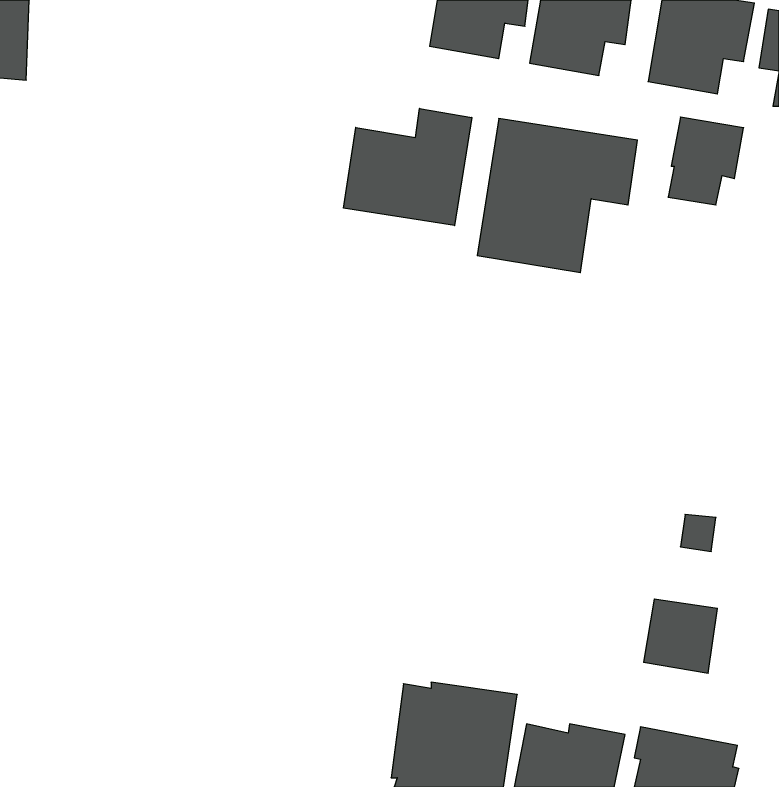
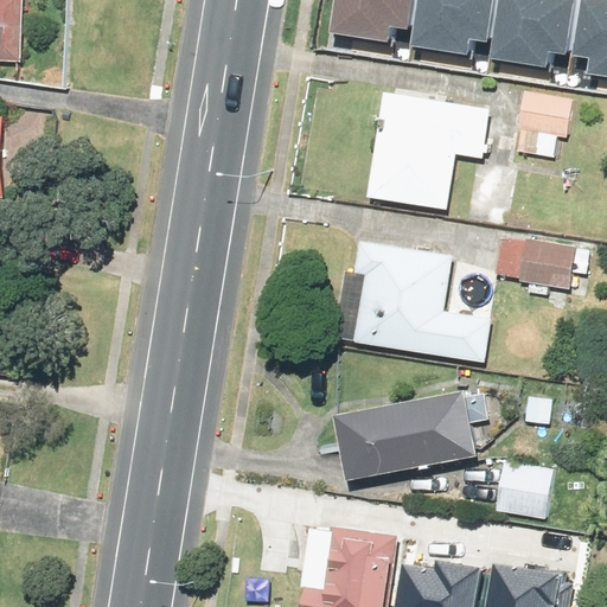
building: [344,108,472,226] -> none
building: none -> [494,237,588,289]
building: none -> [333,241,492,363]
building: none -> [337,389,488,480]

